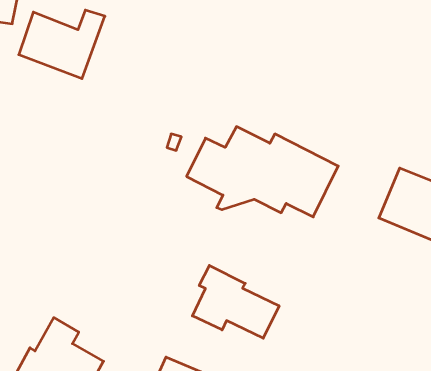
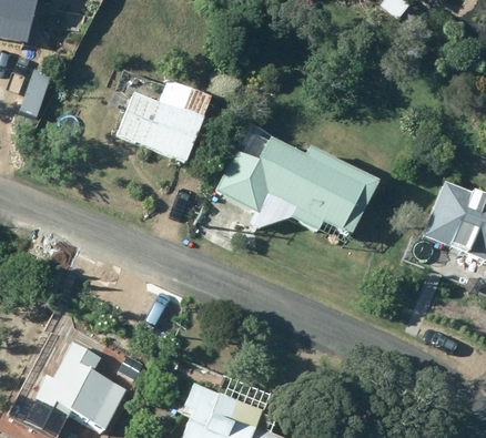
building: [19,10,105,79] -> [118,89,210,162]
building: [192,265,279,338] -> none

